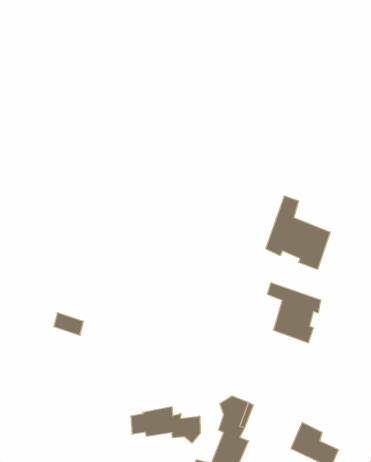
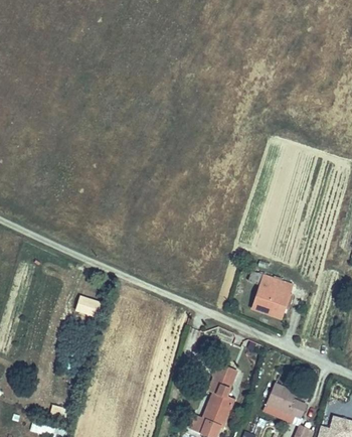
building: [266,196,330,269] -> none
building: [131,407,200,443] -> none

